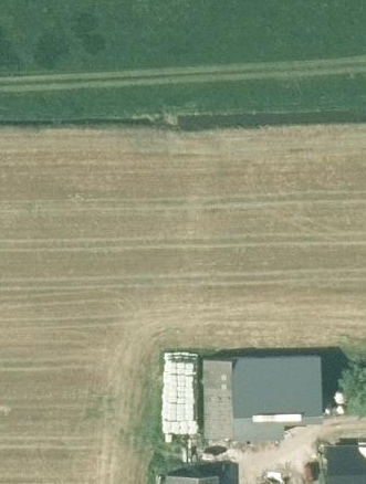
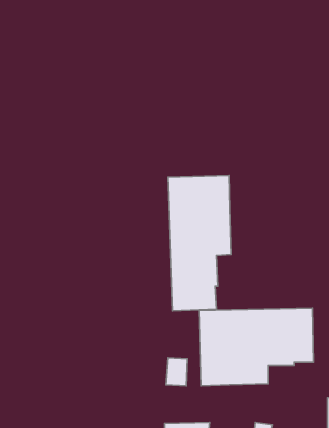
building: none -> [168,176,231,311]

